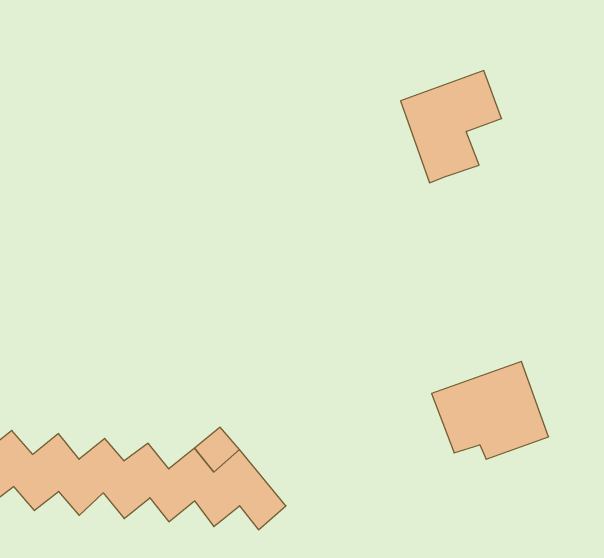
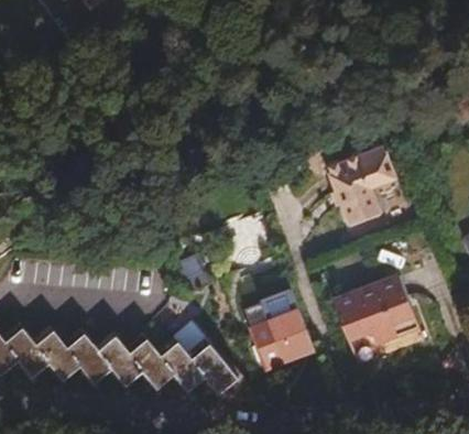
building: [401,71,502,183] -> [327,149,396,226]
building: none -> [247,308,313,368]

